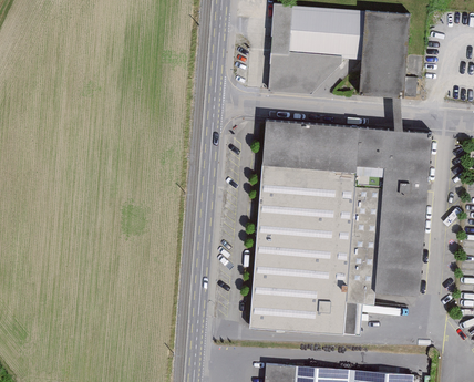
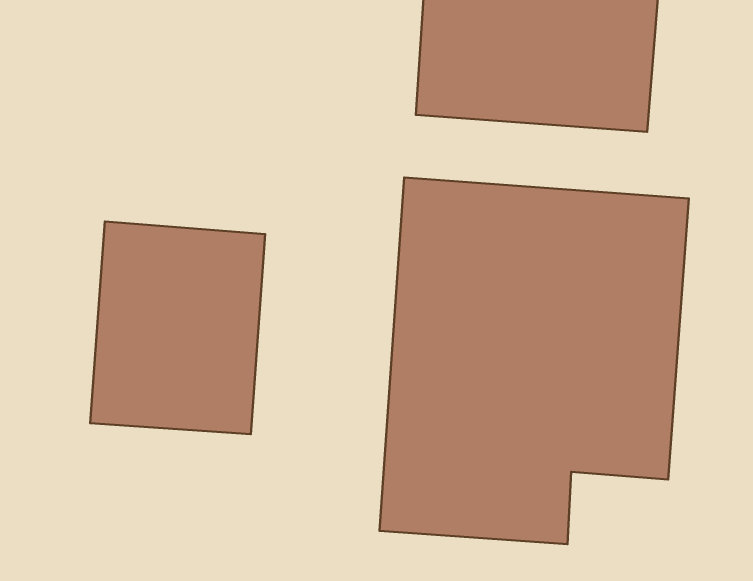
building: none -> [90,222,265,434]

